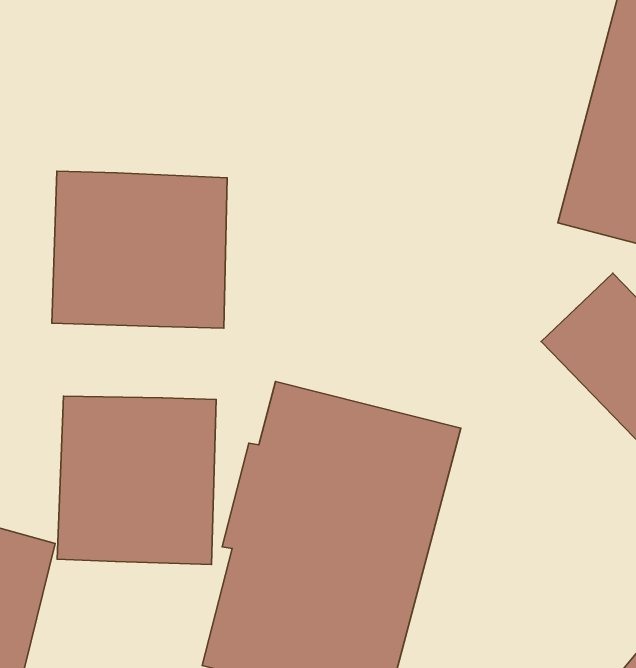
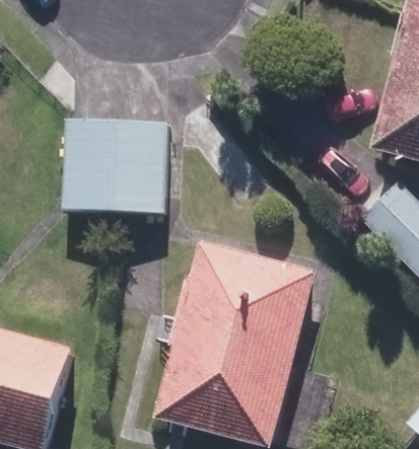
building: [57,396,216,565] -> none

